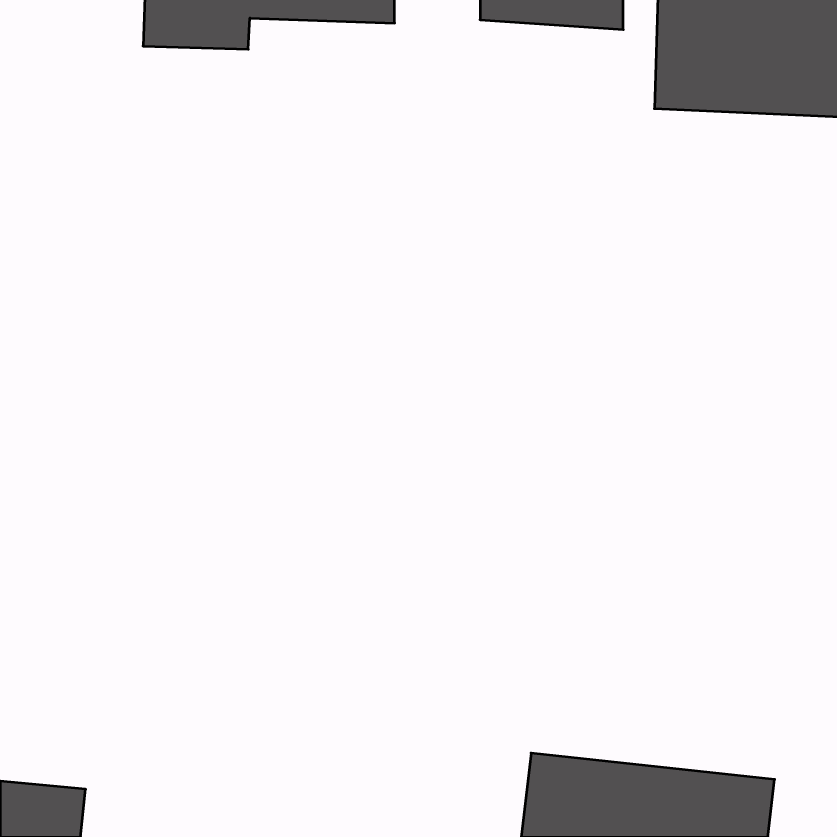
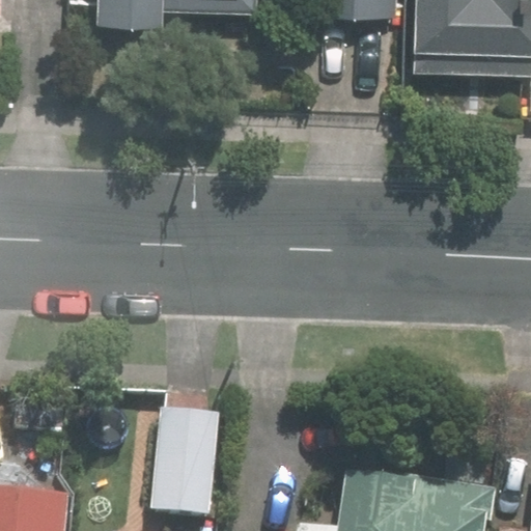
building: none -> [151,404,221,514]

